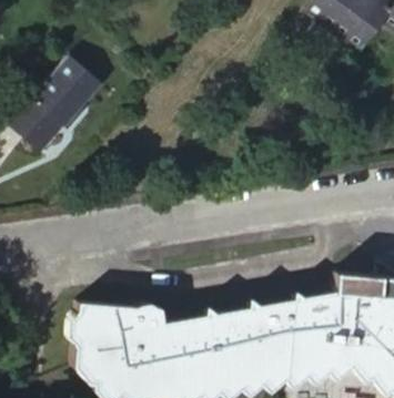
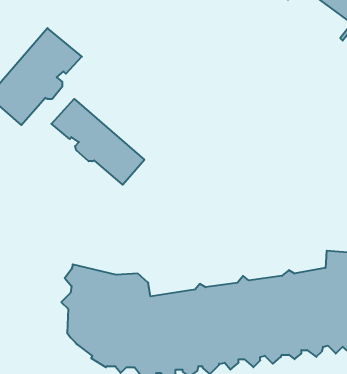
building: none -> [51,99,144,185]

